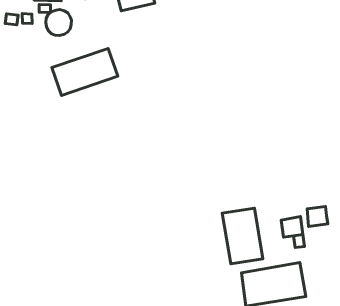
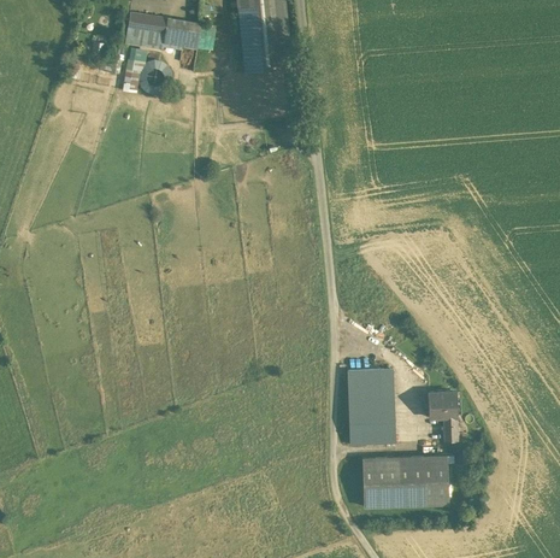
building: [52,48,118,95] -> none
building: [307,207,328,226] -> none

